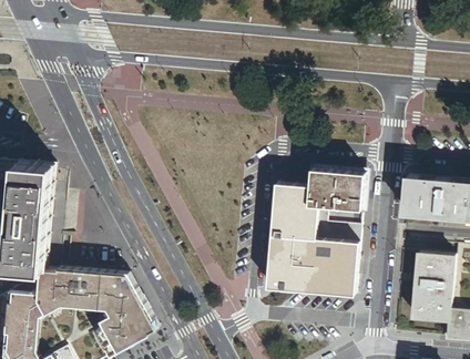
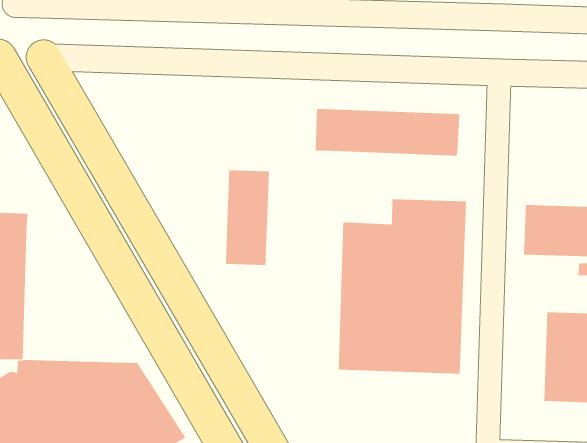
building: none -> [315,108,460,157]
building: none -> [225,170,269,266]

